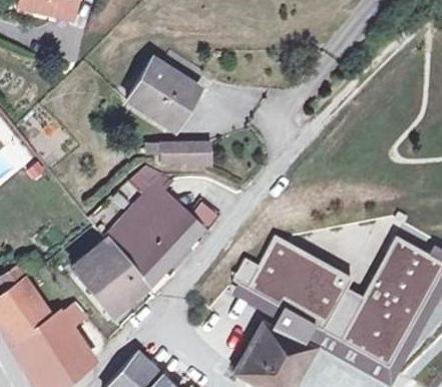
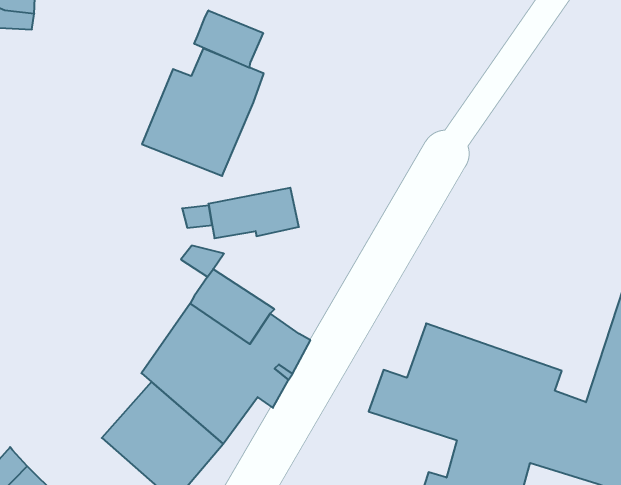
building: none -> [194,10,263,68]

